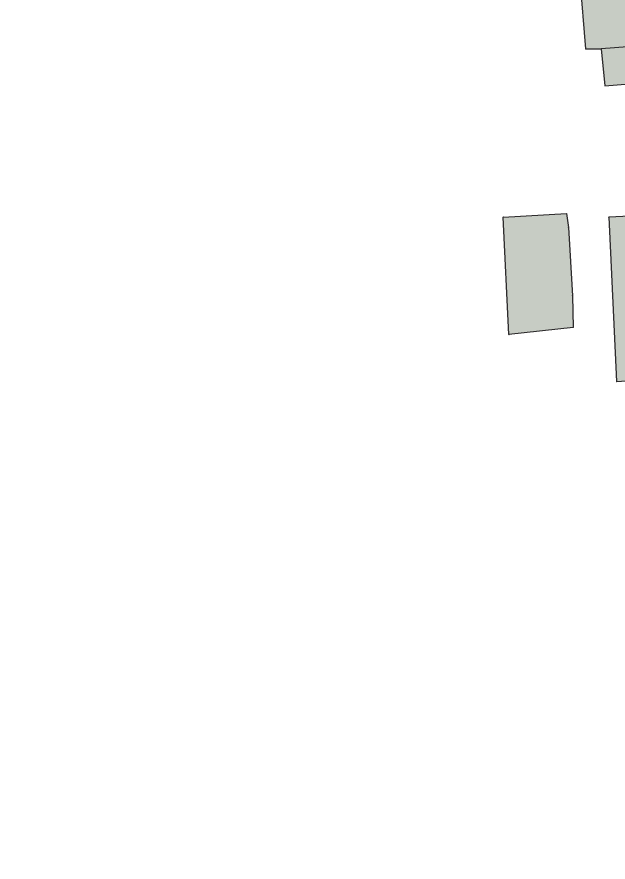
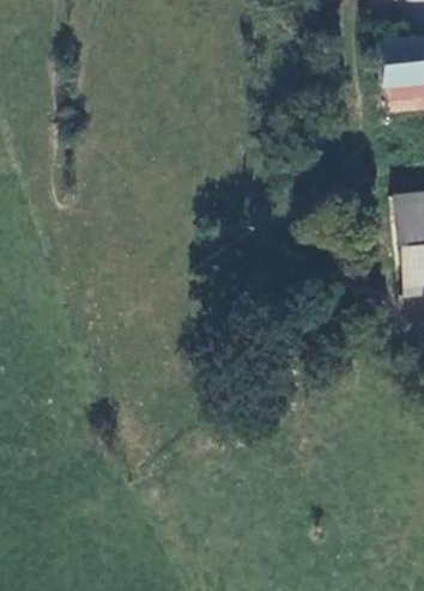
building: [503,214,573,335] -> none

